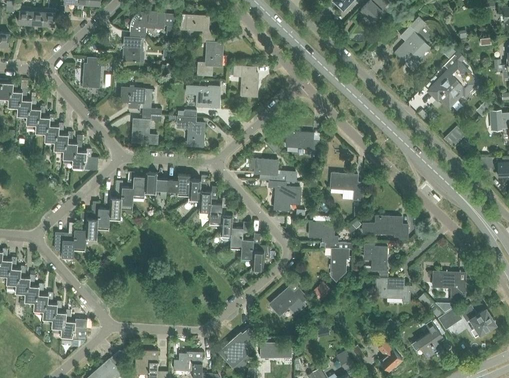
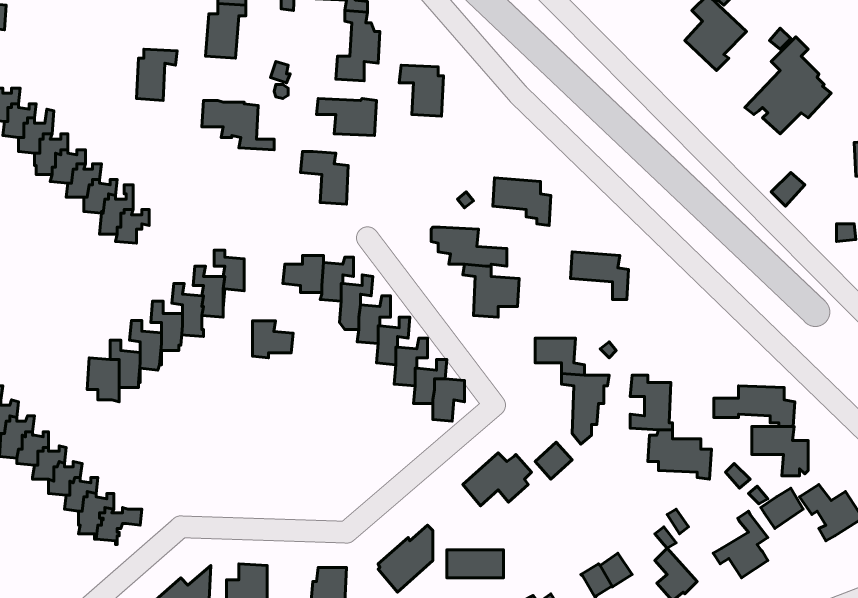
building: [132,114,162,143] -> none
building: [145,173,168,194] -> [253,321,293,358]
building: [362,216,408,239] -> [714,386,795,426]

